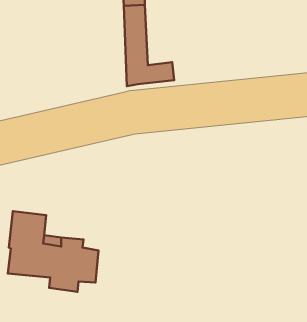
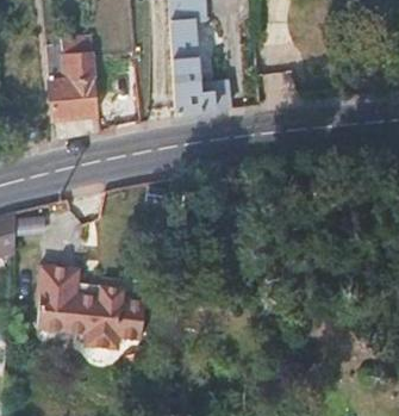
building: none -> [48,51,98,116]

